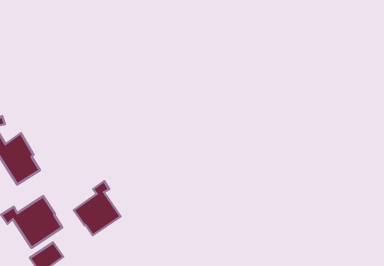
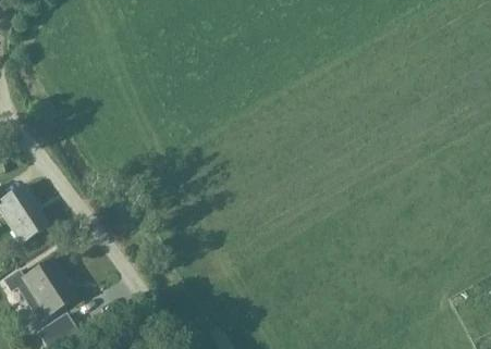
building: [74,181,121,235] -> none

